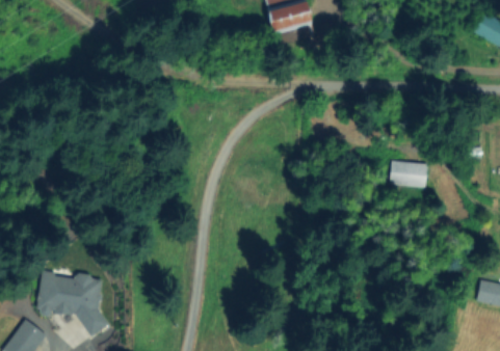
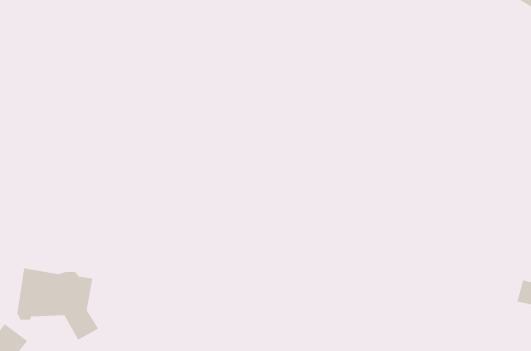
building: [392,157,426,187] -> none

